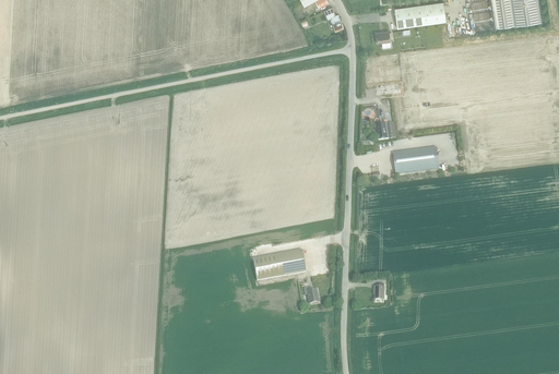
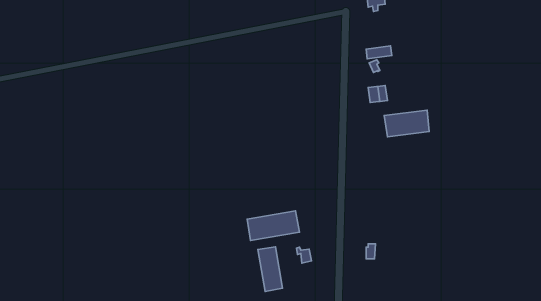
building: none -> [258,247,283,292]

